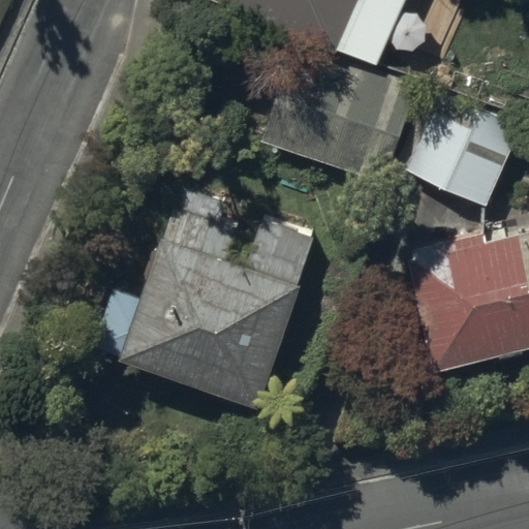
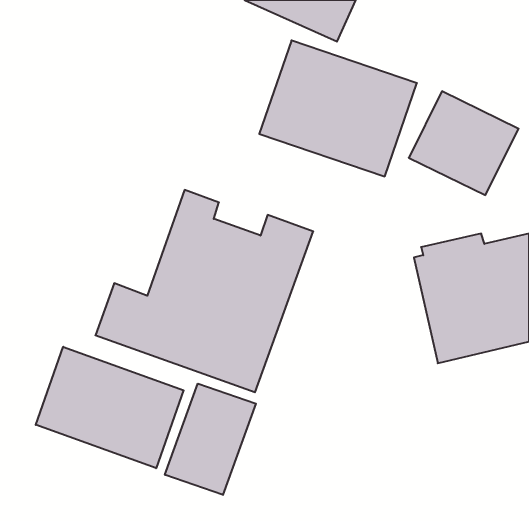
building: none -> [36,347,184,468]
building: none -> [165,384,256,495]

